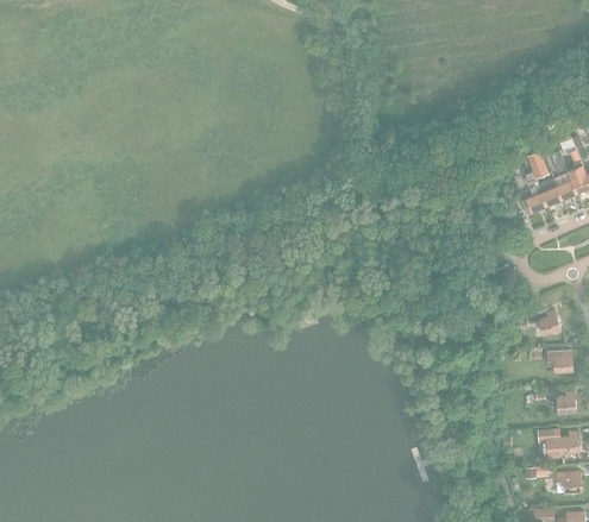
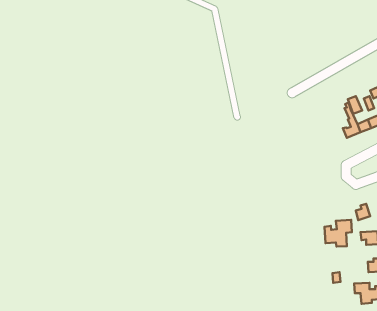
building: none -> [324,220,352,247]

